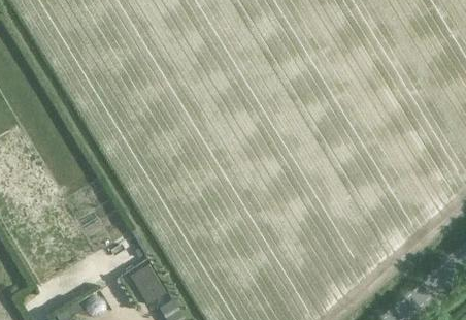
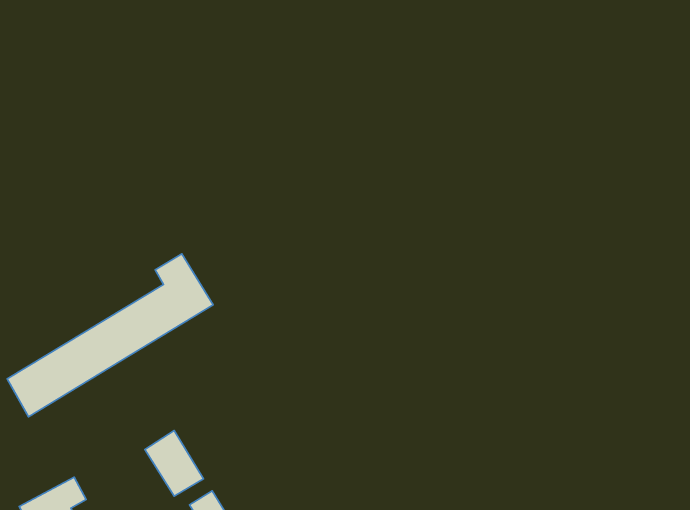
building: none -> [7,254,213,417]

